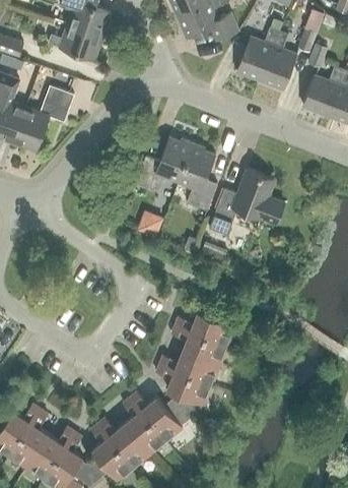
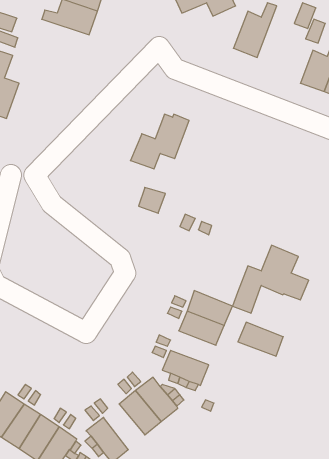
building: [260,30,296,90] -> none
building: [13,85,74,149] -> none
building: [179,143,217,210] -> none
building: [209,169,284,236] -> [232,245,309,313]
building: [175,351,219,384] -> [238,322,283,356]
building: [109,423,149,468] -> none

